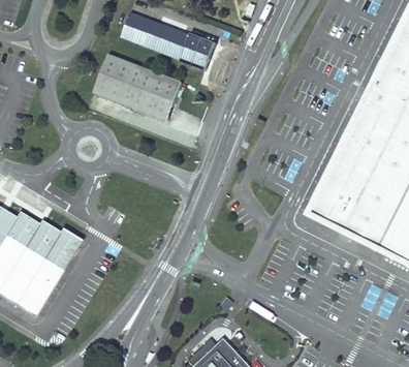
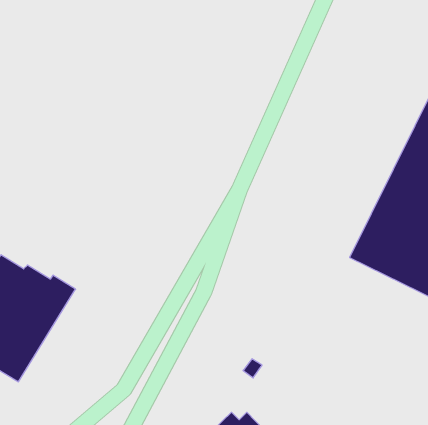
building: [122,10,217,69] -> none
building: [94,52,183,119] -> none

